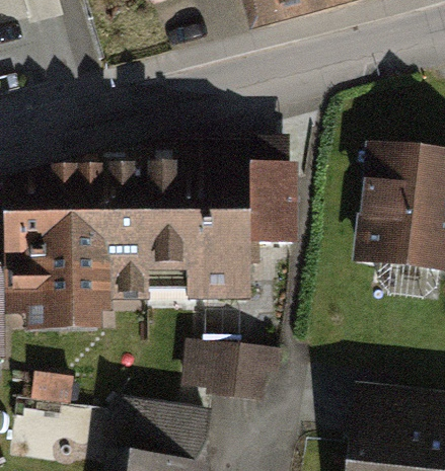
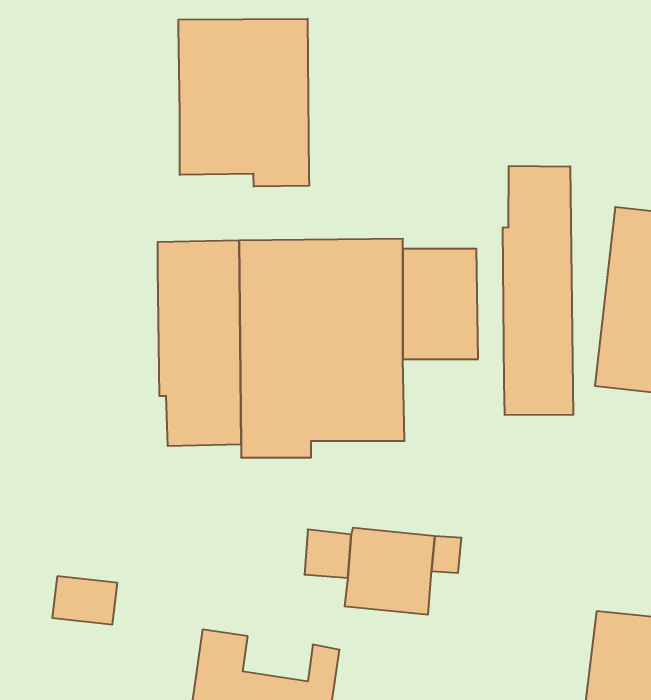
building: none -> [178,19,309,187]
building: none -> [503,166,573,415]
building: [14,187,104,309] -> none

